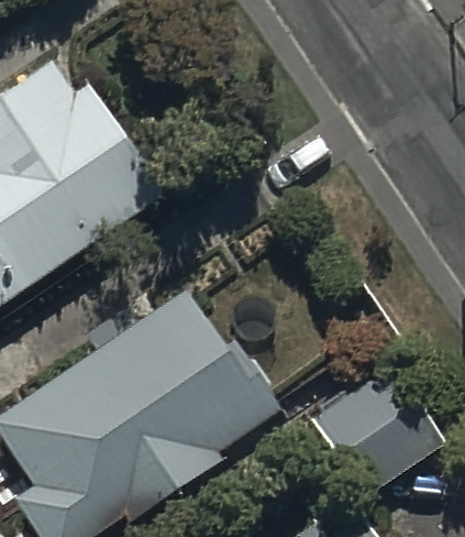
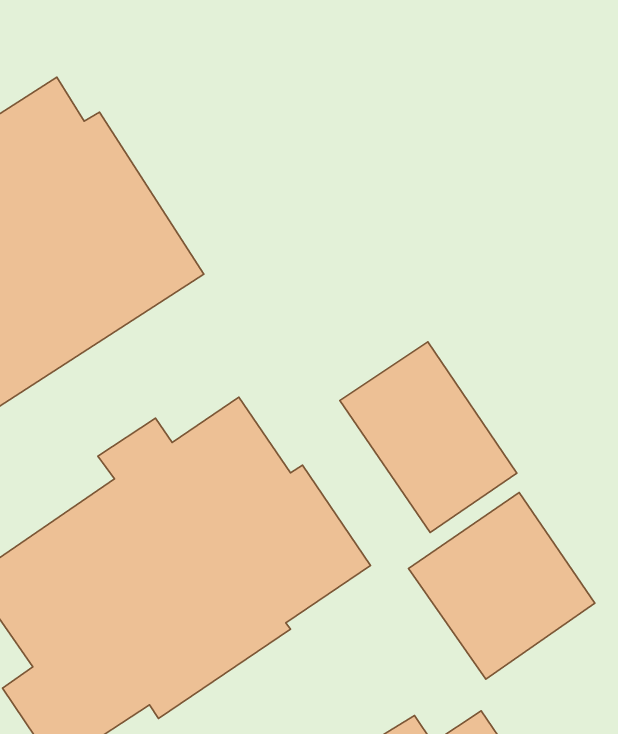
building: none -> [340,342,517,532]

